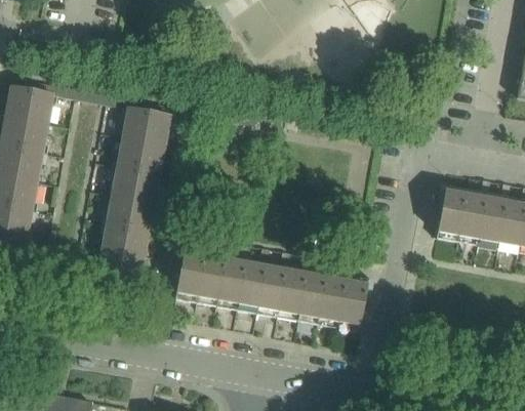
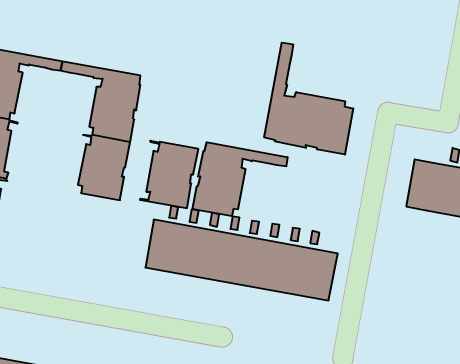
building: none -> [264,43,353,155]
building: none -> [192,142,288,216]
building: [90,220,149,288] -> [140,141,198,208]

